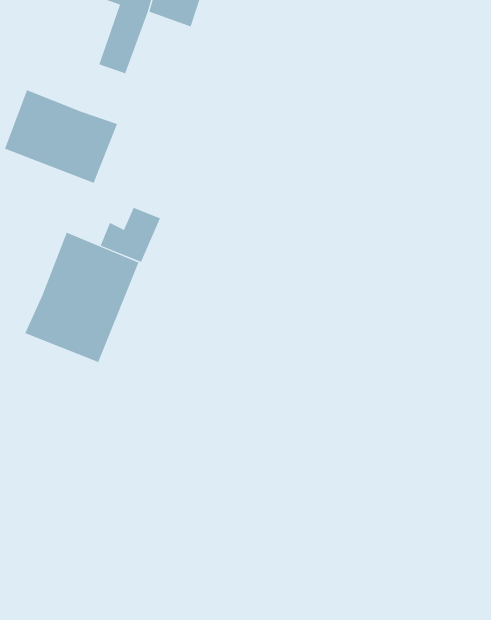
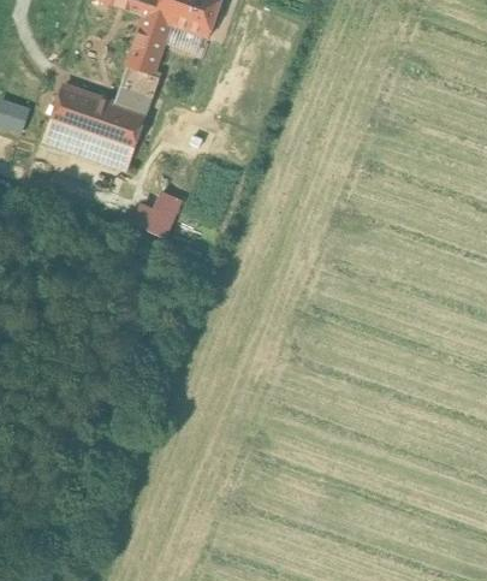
building: none -> [114,65,161,117]
building: [25,232,139,363] -> none

